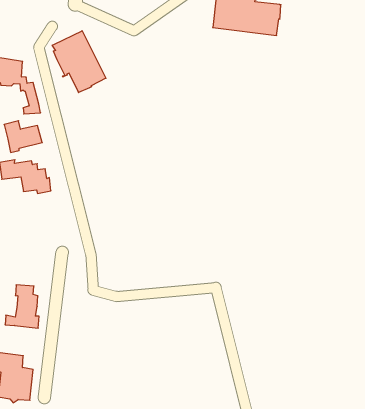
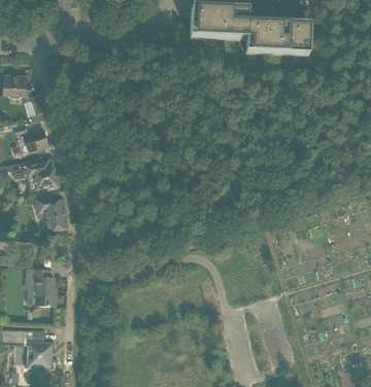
building: none -> [245,20,309,54]
building: [52,31,106,93] -> none
building: none -> [34,194,67,230]

